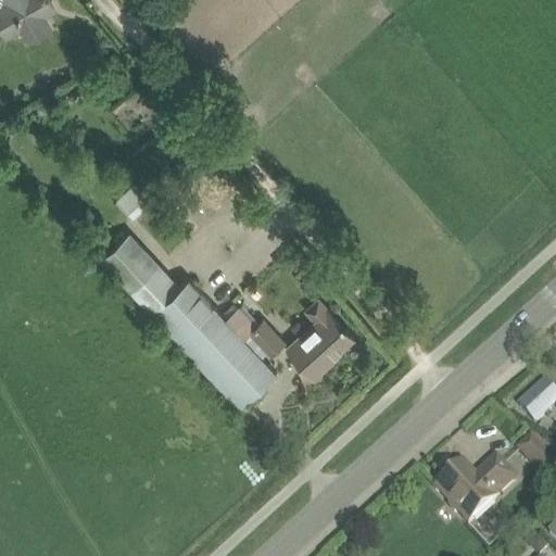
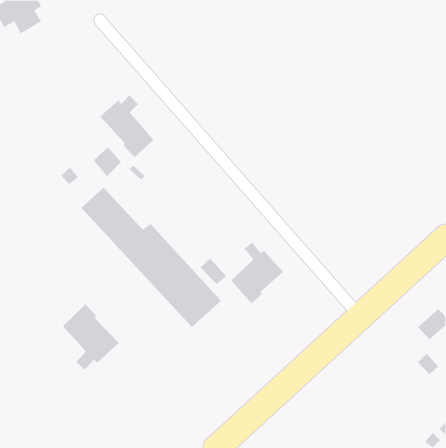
building: none -> [99,95,154,158]
building: none -> [62,304,119,370]
building: [433,457,516,525] -> none

